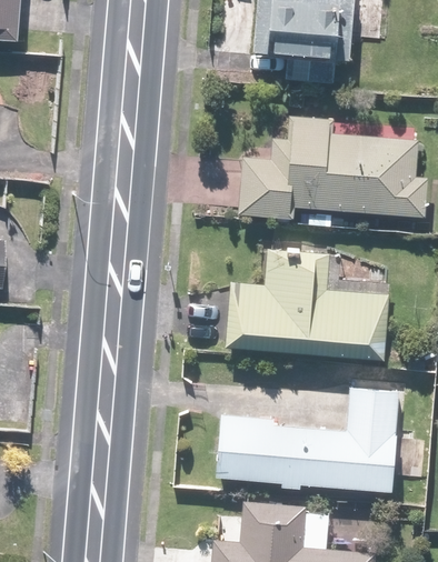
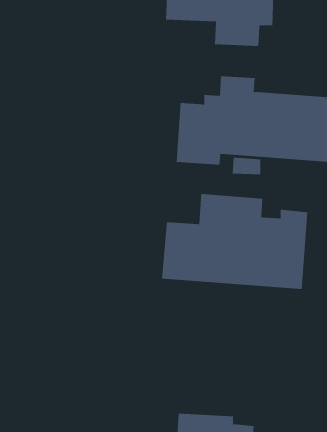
building: [215,387,399,491] -> none

